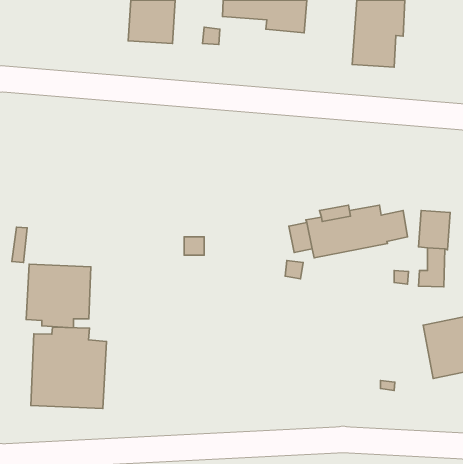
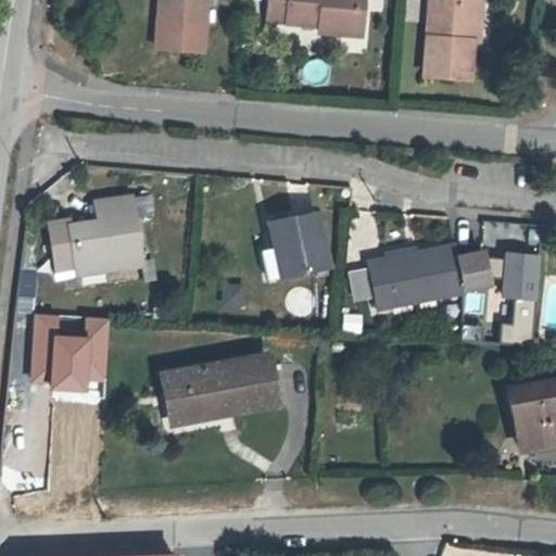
building: none -> [49,195,144,276]
building: none -> [269,212,329,277]
building: none -> [159,351,277,429]
building: [31,327,106,409] -> none

